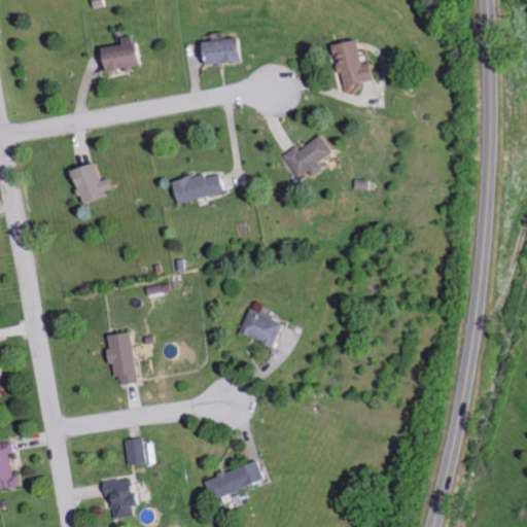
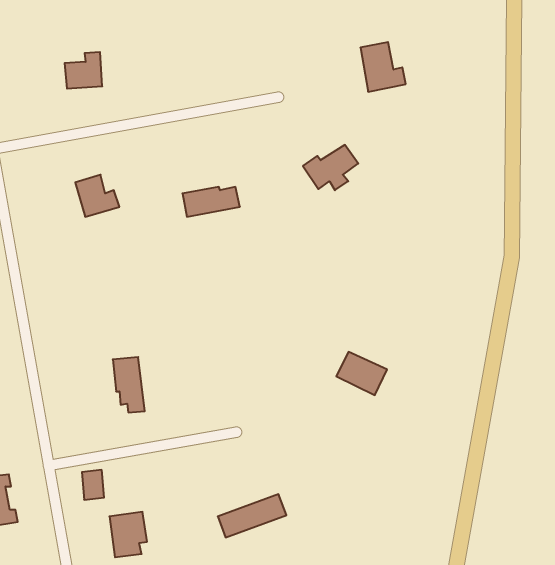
building: [104,36,139,70] -> [65,52,102,89]
building: [203,38,243,64] -> none
building: [237,308,284,348] -> [336,352,387,395]
building: [122,437,143,465] -> [82,470,104,500]

